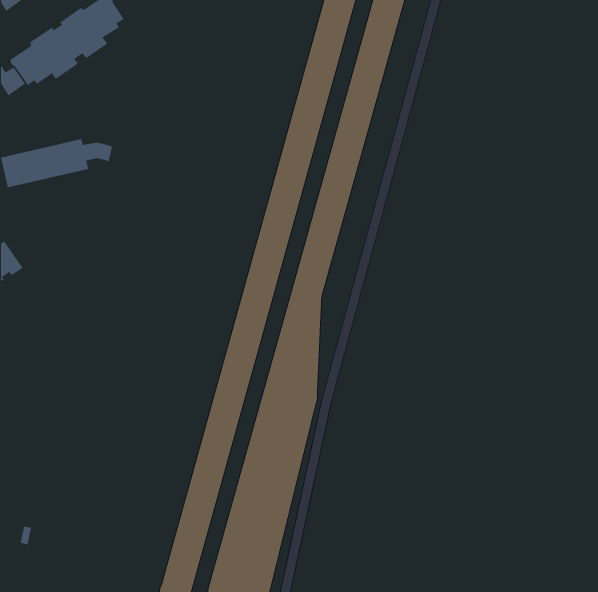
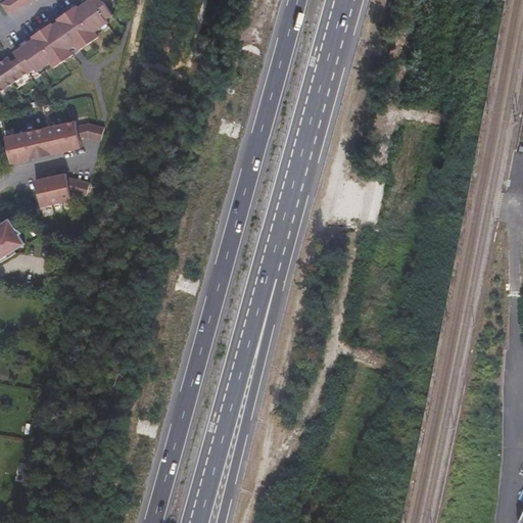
building: none -> [33,174,87,205]

